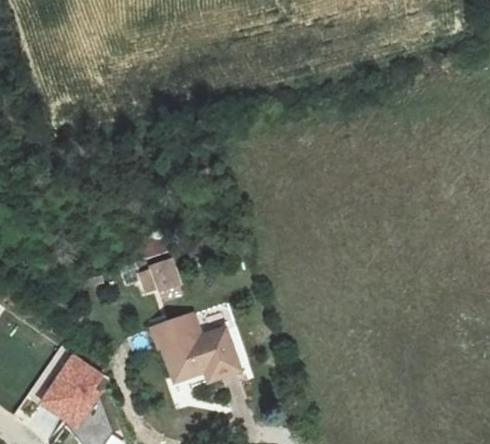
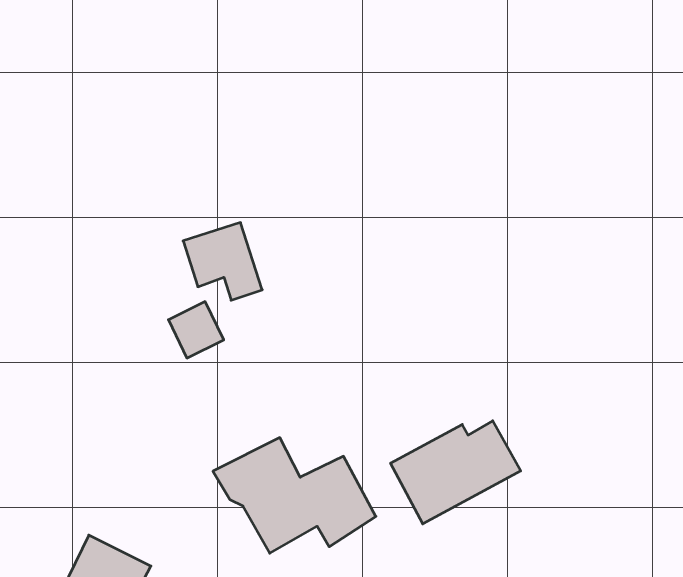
building: [139,262,180,306] -> [183,223,262,300]
building: none -> [391,421,521,524]

